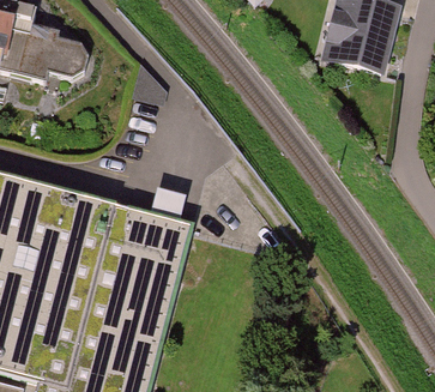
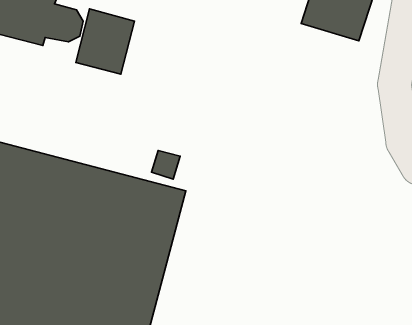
building: none -> [76,9,134,74]

